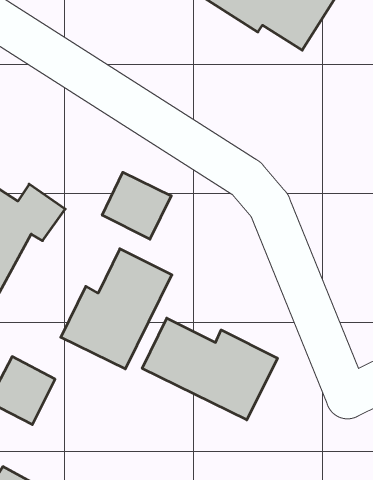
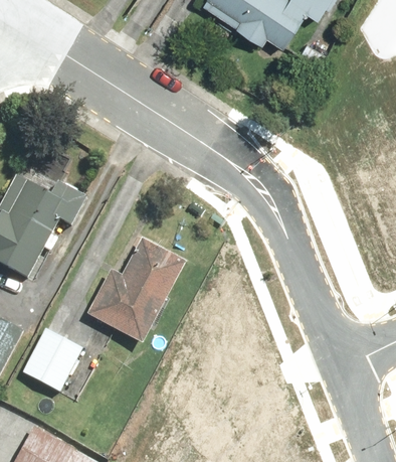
building: [102,172,171,239] -> none
building: [142,318,277,420] -> none

